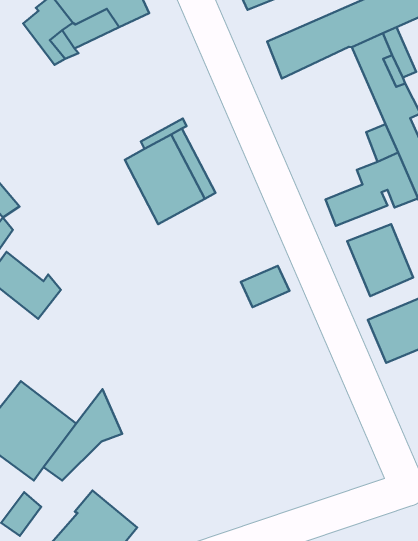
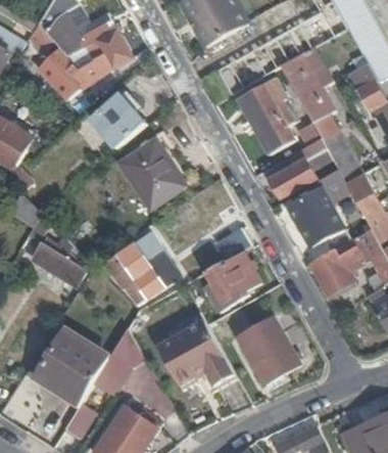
building: none -> [243,76,293,151]
building: none -> [91,93,145,150]
building: none -> [105,231,162,307]
building: none -> [204,254,261,310]
building: none -> [157,321,235,386]
building: none -> [238,317,299,383]

